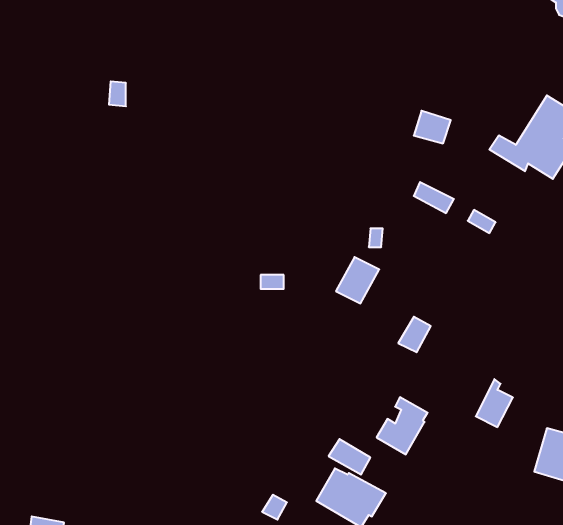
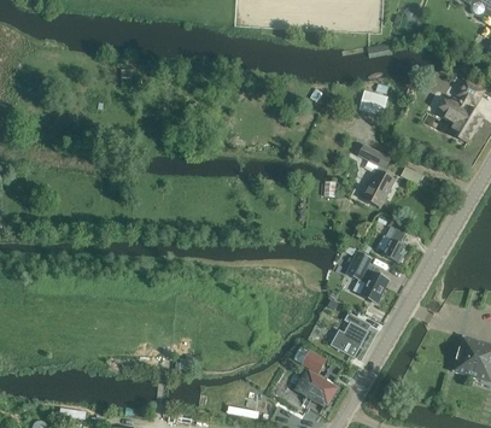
building: [336,257,379,303] -> [361,170,394,206]
building: none -> [381,218,407,262]
building: [476,379,513,427] -> [360,265,388,303]

